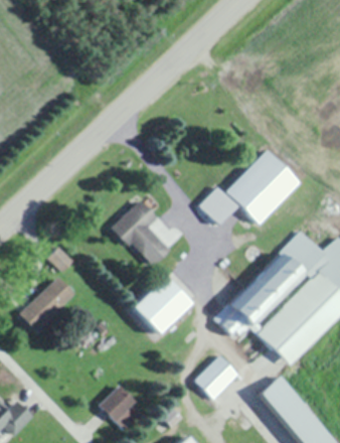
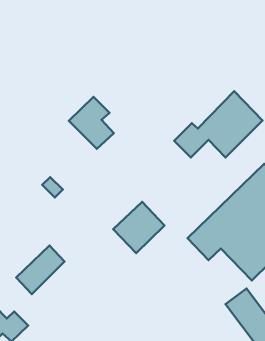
building: [113,200,164,260] -> [69,97,114,149]
building: [19,278,74,333] -> [16,246,65,294]
building: [195,355,241,401] -> none
building: [101,386,136,429] -> none

